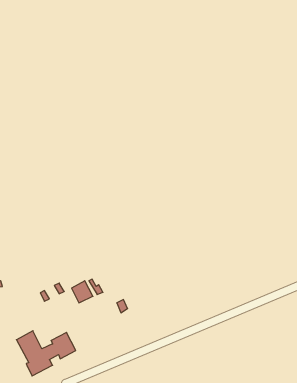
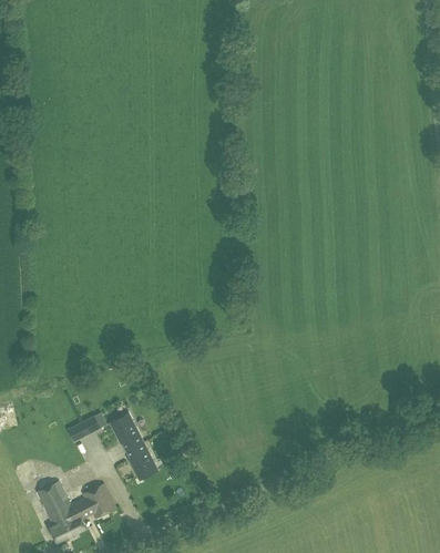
building: none -> [127,449,157,479]

